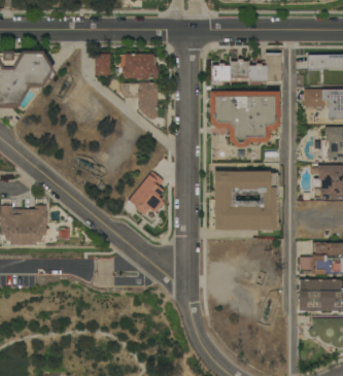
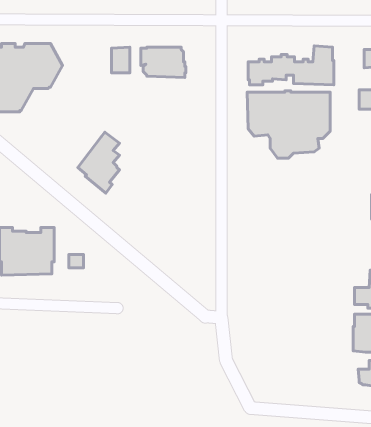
building: [119,81,158,118] -> none
building: [129,170,164,221] -> [78,132,119,193]
building: [214,171,279,232] -> none

